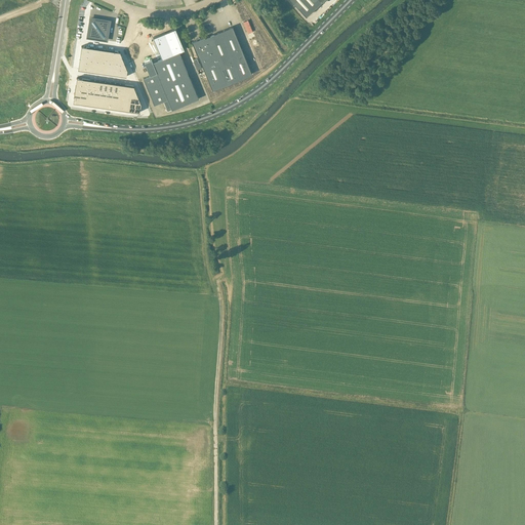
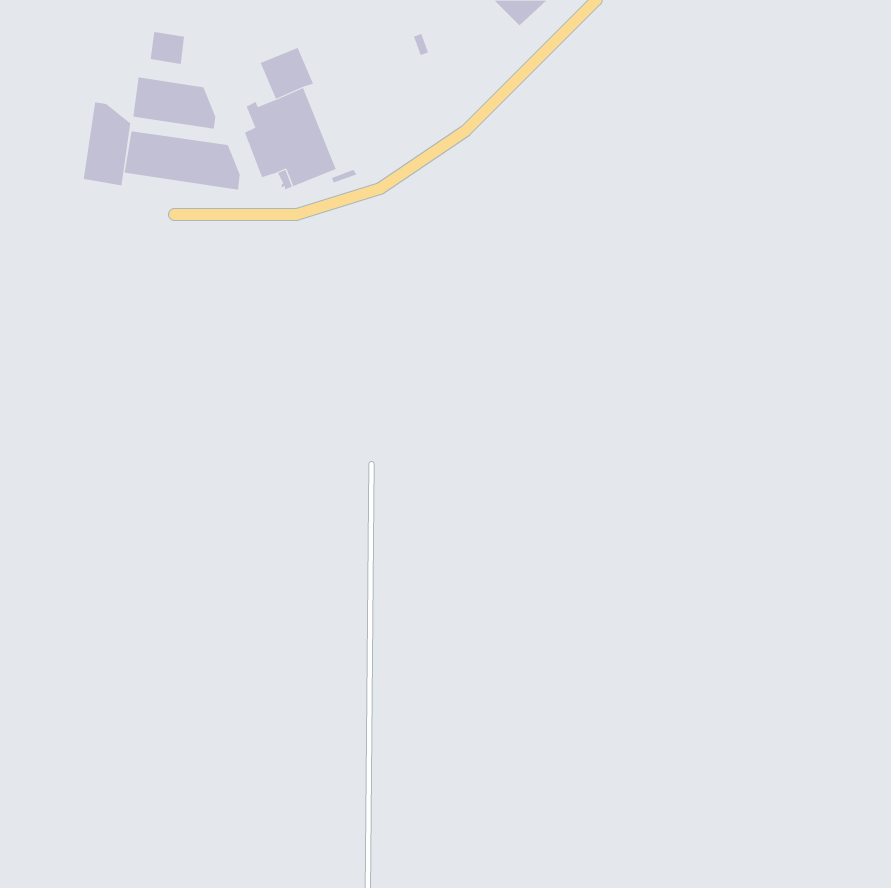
building: [192,29,252,92] -> none
building: none -> [83,102,131,186]

